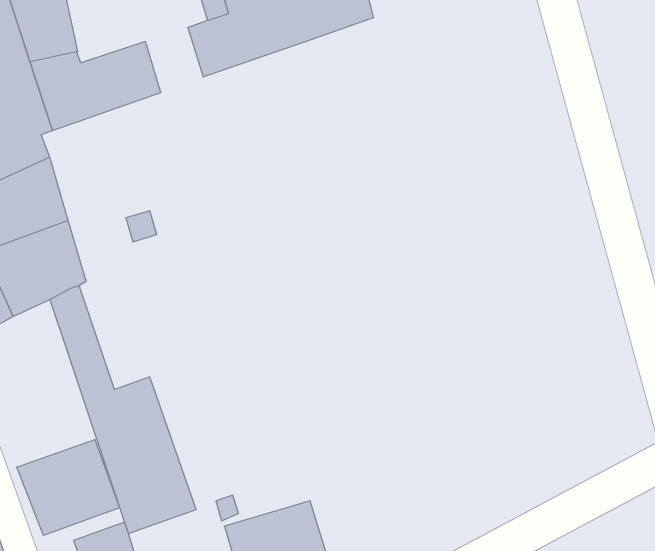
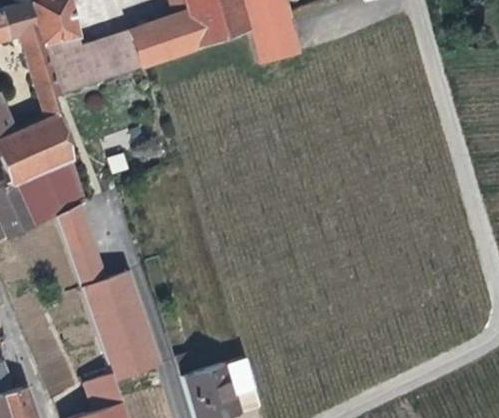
building: none -> [247,15,299,64]
building: none -> [128,22,169,68]
building: [17,439,120,535] -> none

